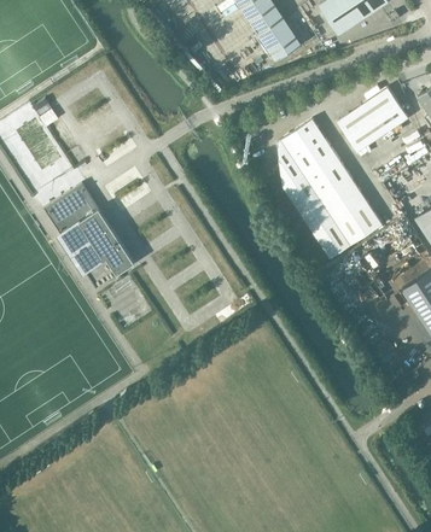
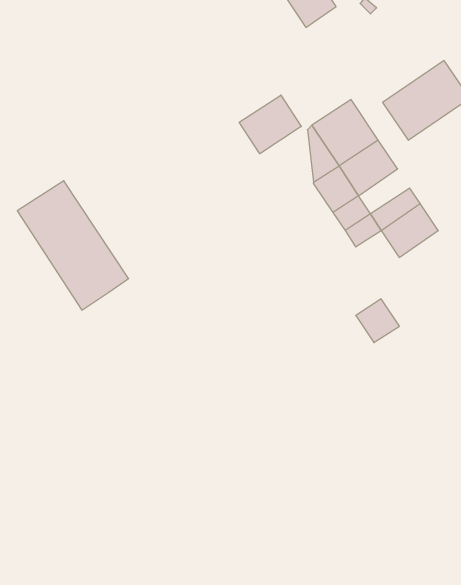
building: none -> [239,95,301,154]
building: [319,175,360,211] -> none
building: [316,224,351,259] -> [356,299,399,343]

